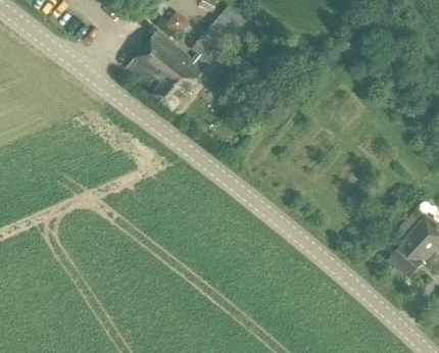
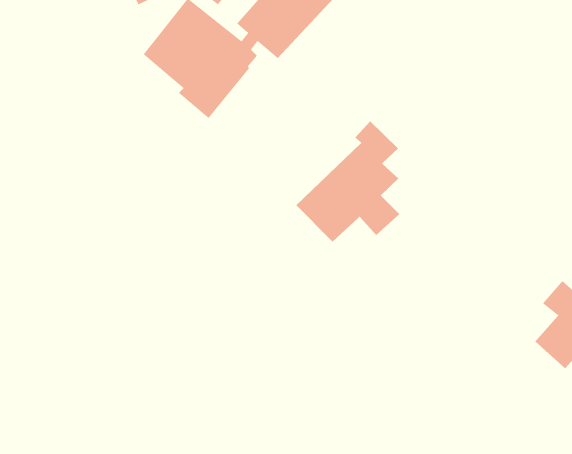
building: none -> [295,120,400,243]

